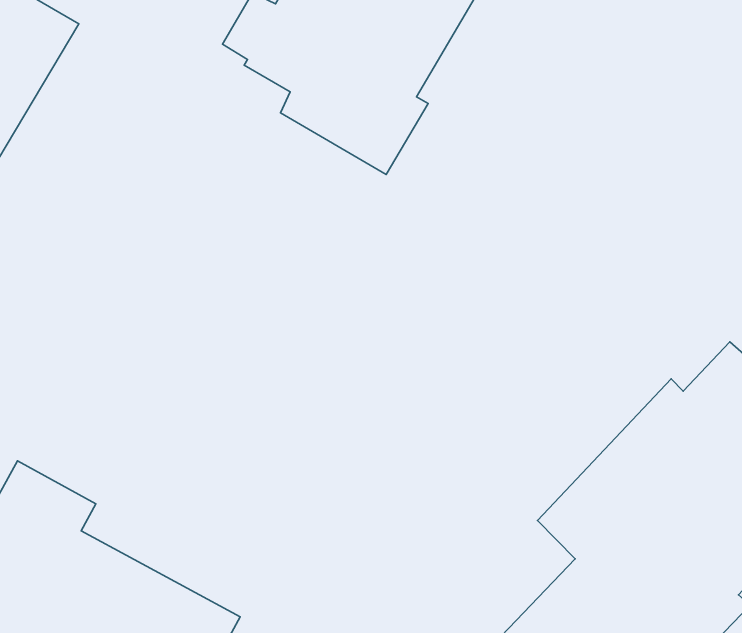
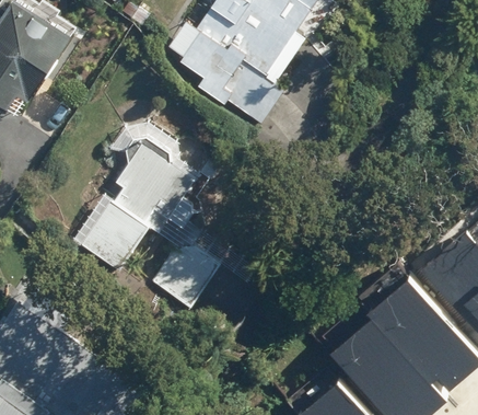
building: none -> [81,125,218,310]

